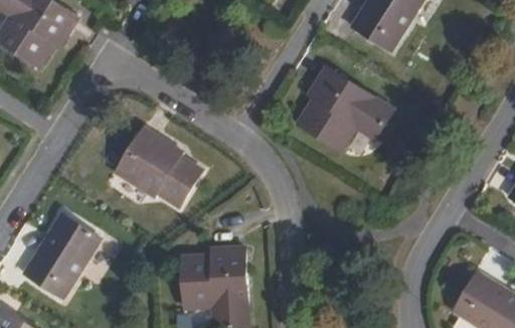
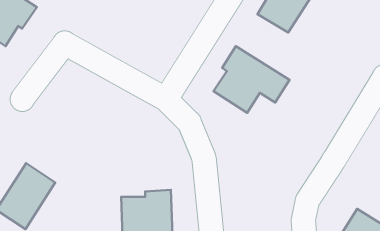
building: [116,128,202,206] -> none

